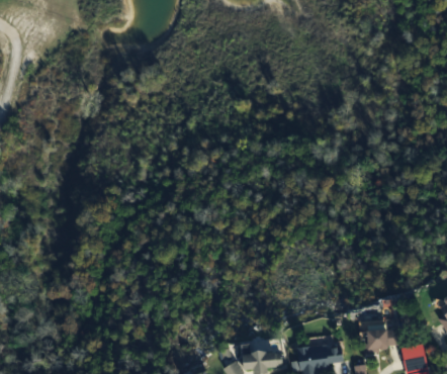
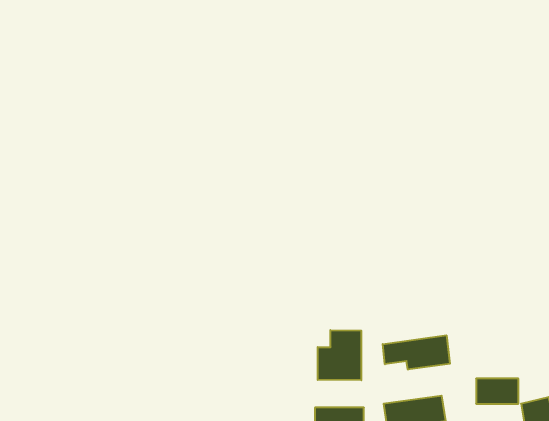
building: none -> [318,330,361,380]
building: none -> [383,335,450,370]

